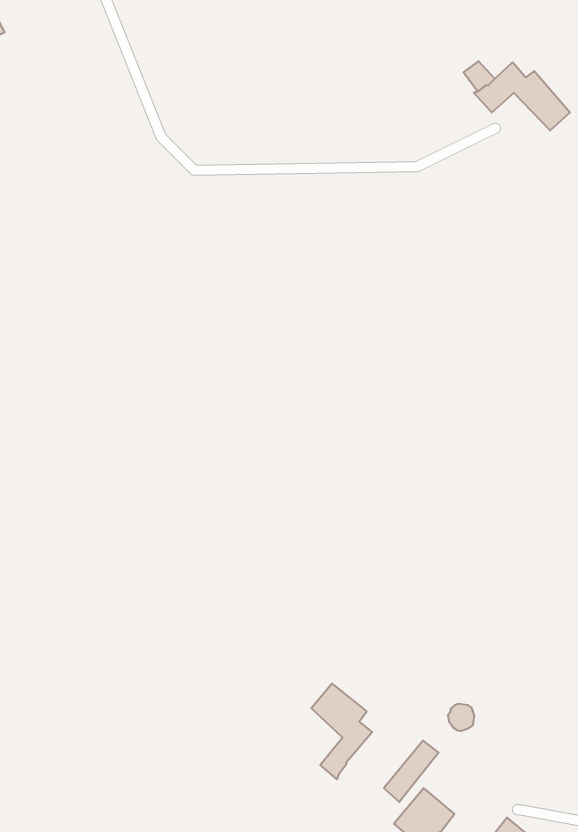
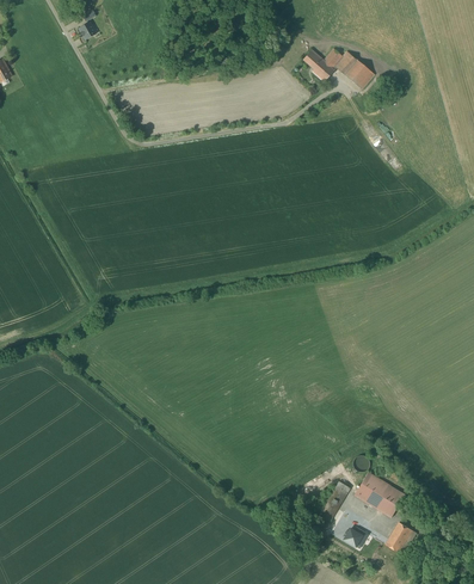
building: [311,684,372,779] -> none
building: none -> [353,472,406,517]

